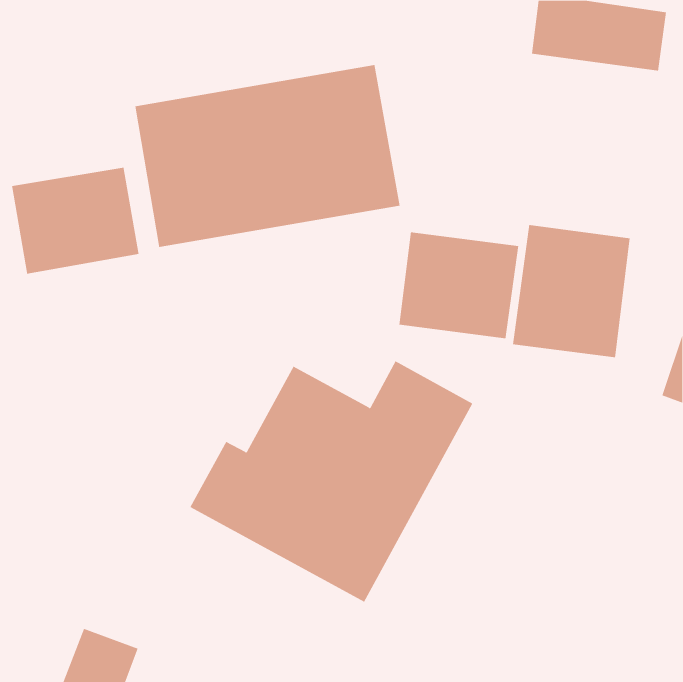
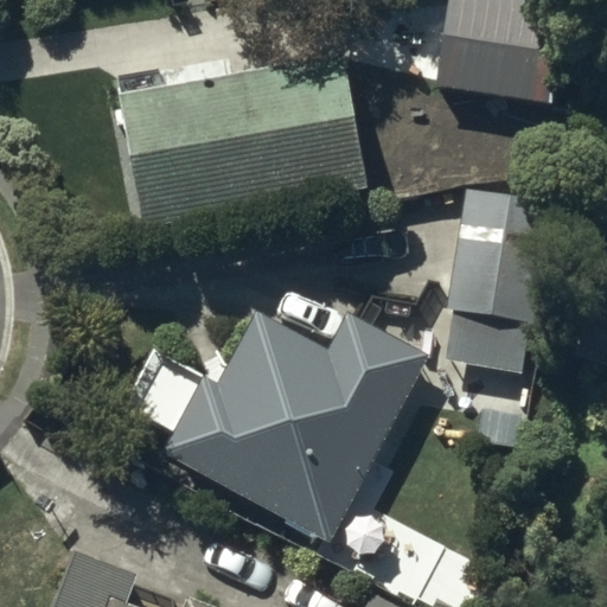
building: [12,167,139,274] -> none
building: [399,231,519,339] -> none

